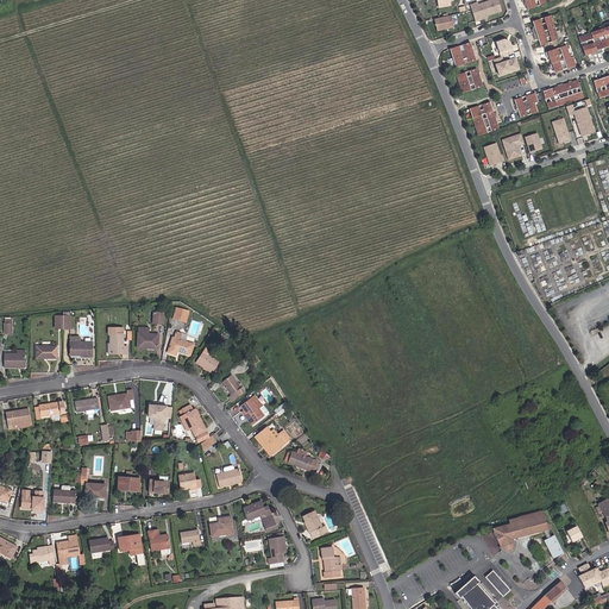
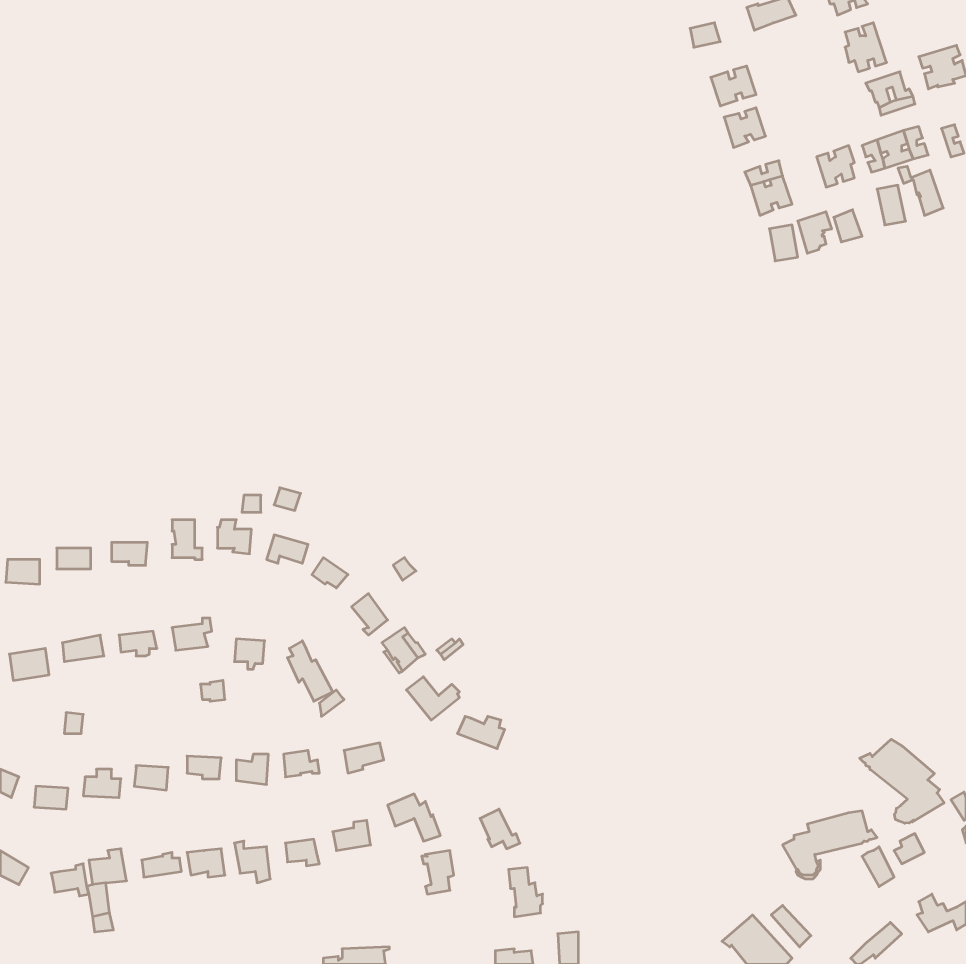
building: [494,36,520,75] -> none
building: none -> [860,739,944,823]

